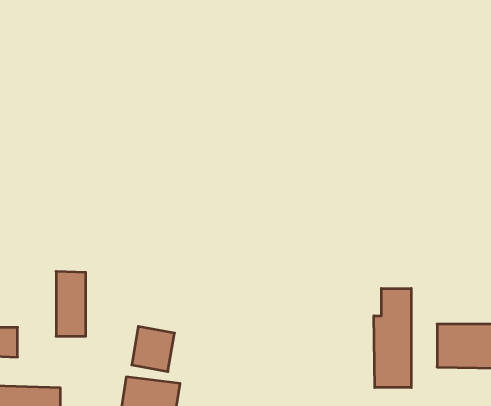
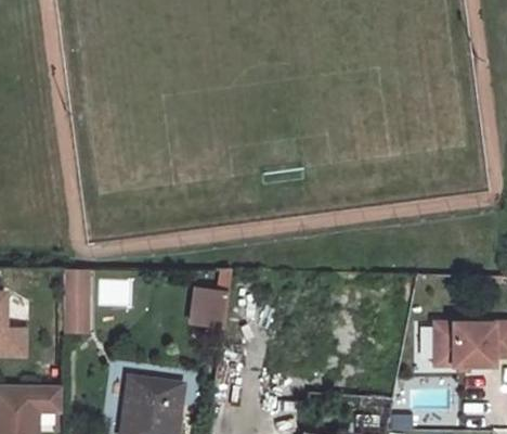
building: [374,288,411,388] -> none
building: [132,326,175,372] -> [186,285,229,330]

